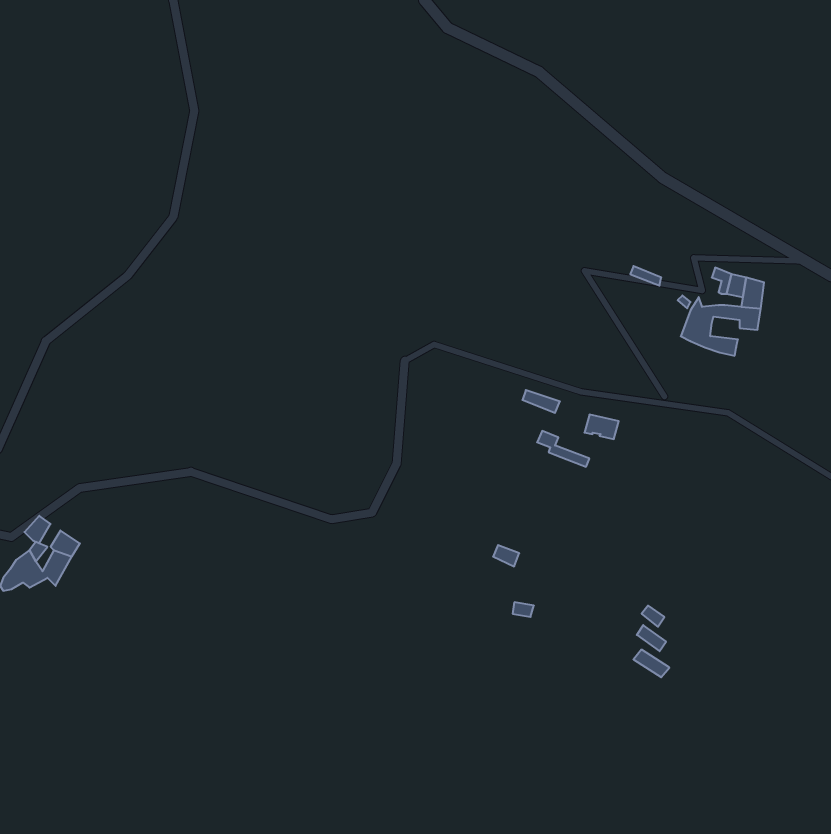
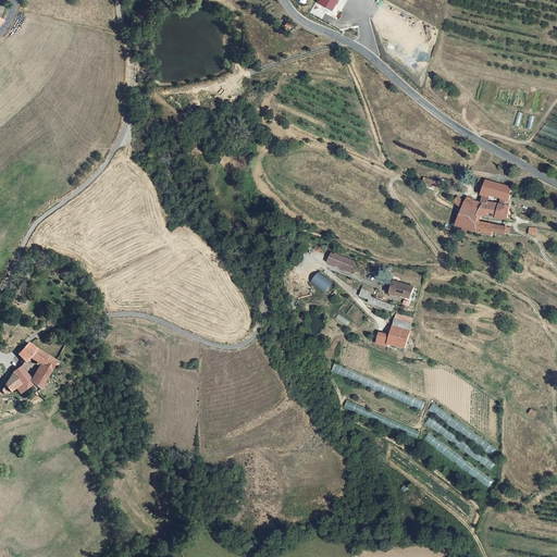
building: none -> [386,313,411,348]

